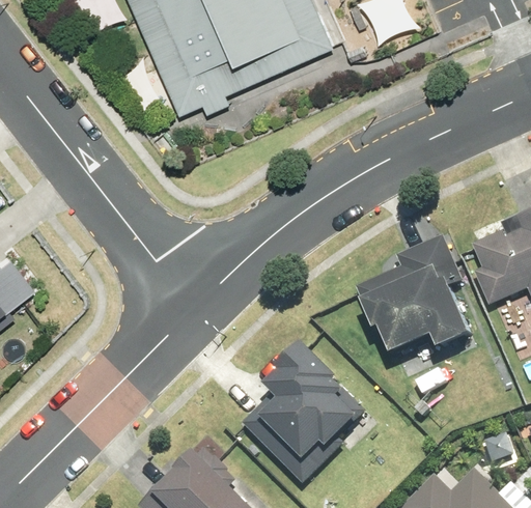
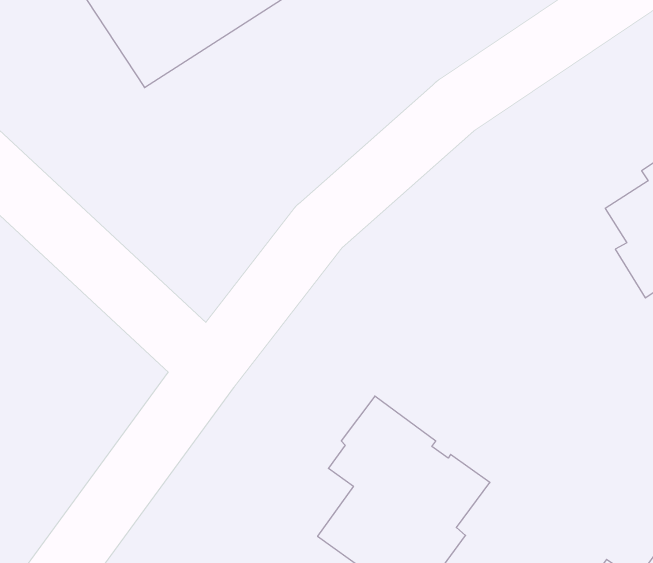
building: [355,235,467,355] -> none

